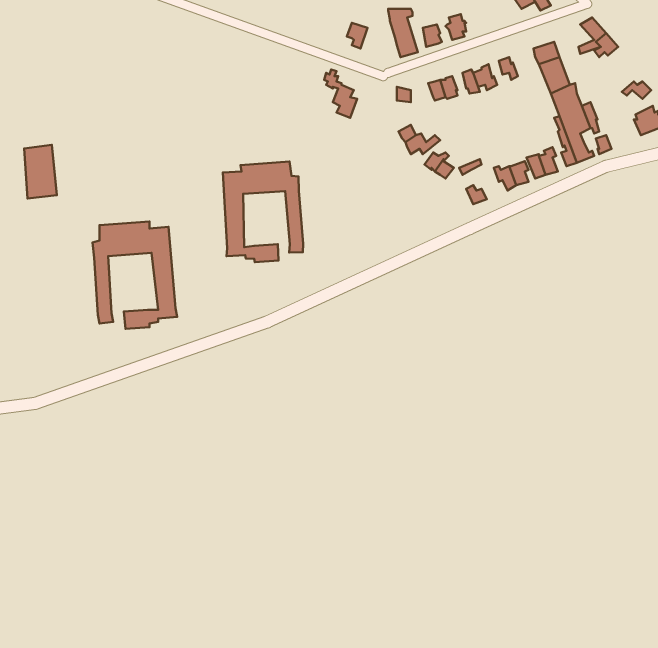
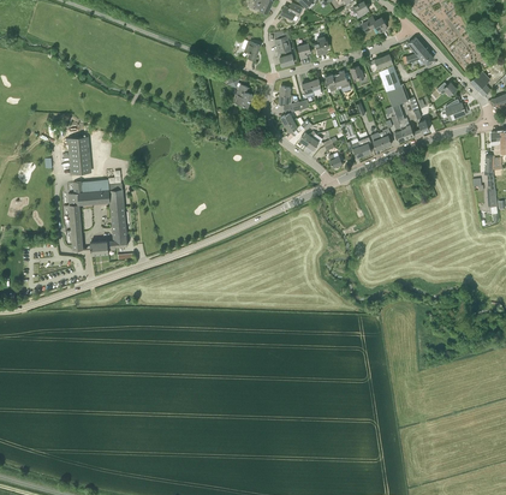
building: [24,145,57,199] -> [69,138,91,175]
building: [223,161,303,262] -> none

